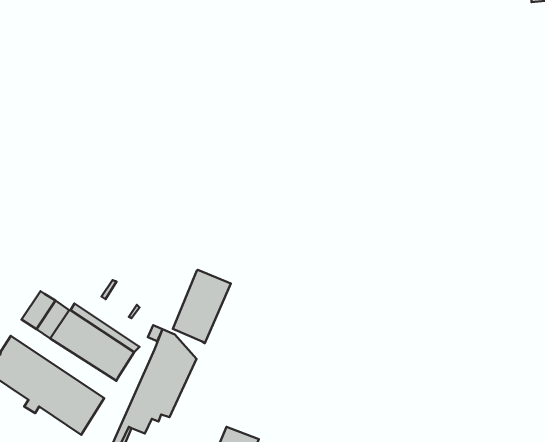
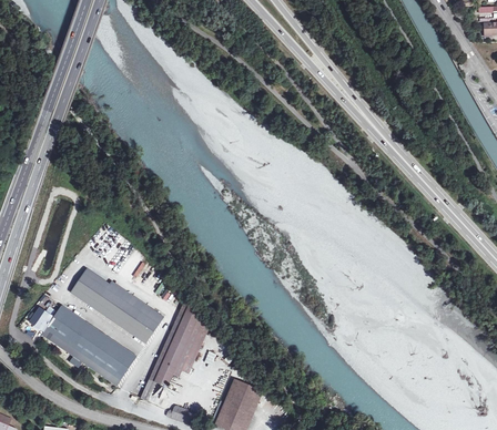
building: [173,270,231,343] -> none

